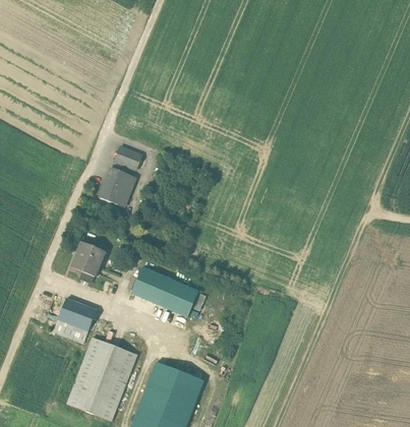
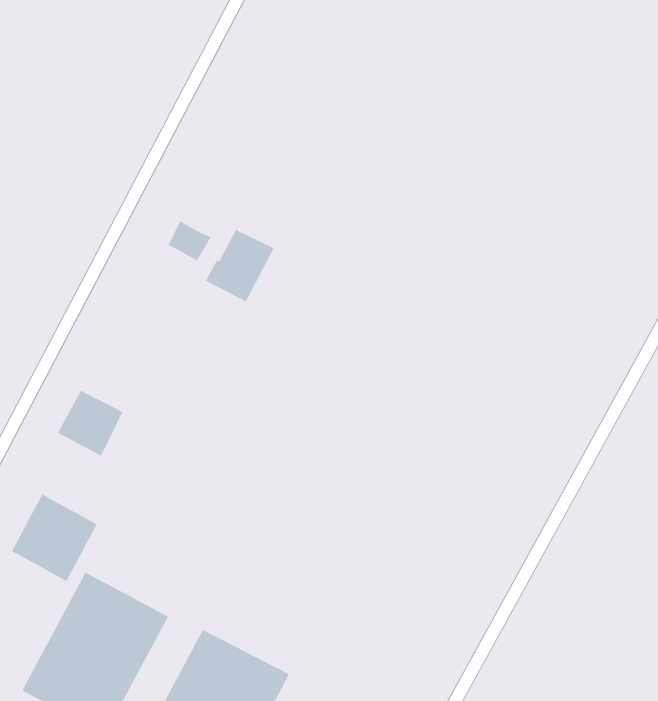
building: [100,168,134,205] -> [205,229,275,302]
building: [131,266,198,316] -> none

